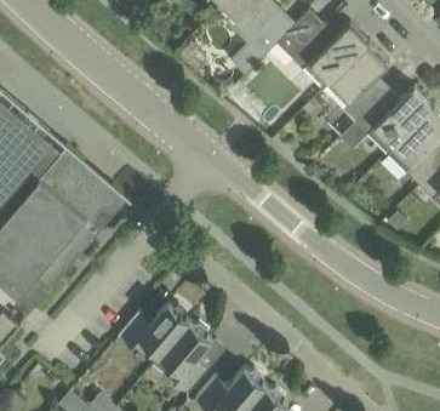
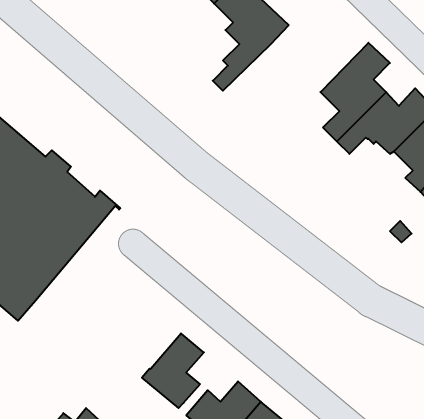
building: [276,8,370,90] -> none
building: [119,302,190,355] -> none

